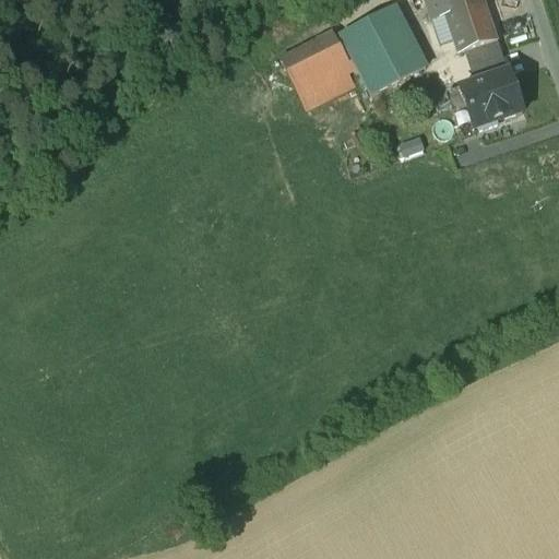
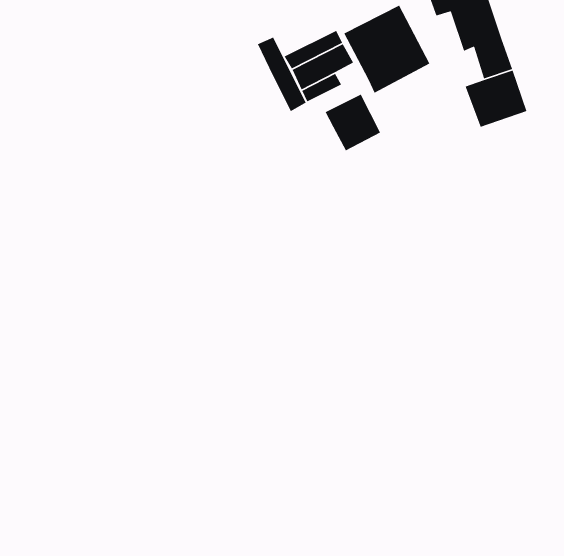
building: none -> [257,36,307,112]
building: none -> [325,94,381,151]

